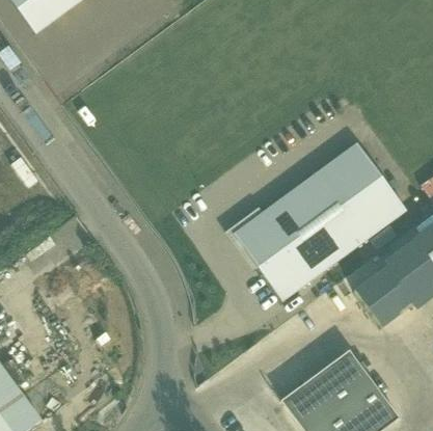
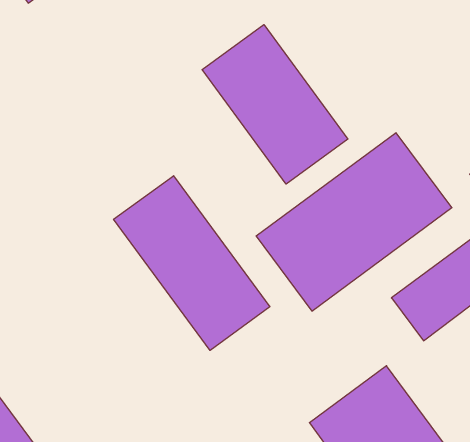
building: none -> [202,25,348,184]
building: none -> [114,176,270,350]

